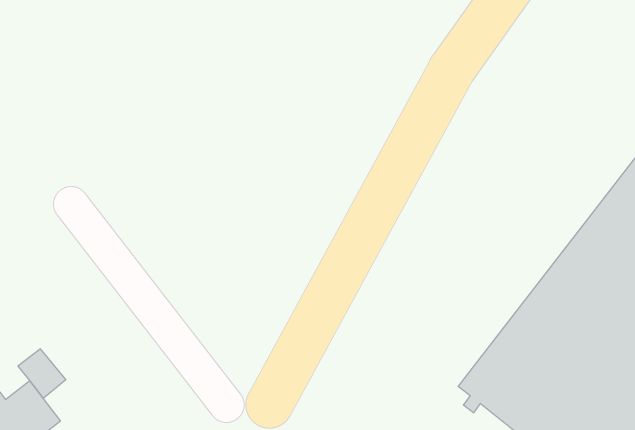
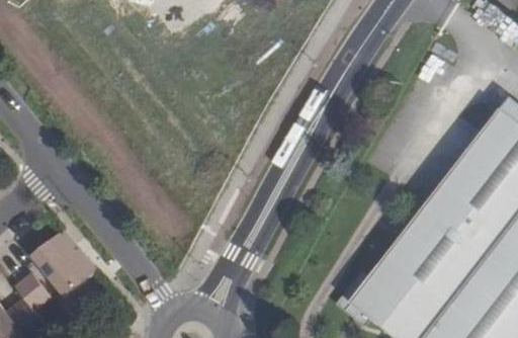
building: none -> [32,228,98,295]

